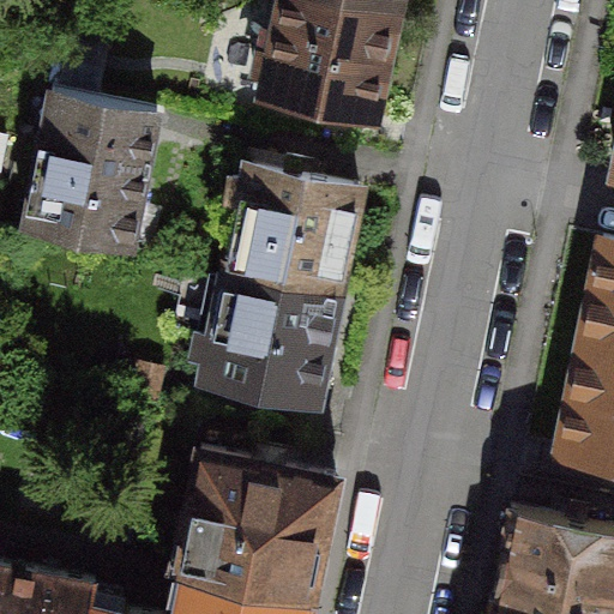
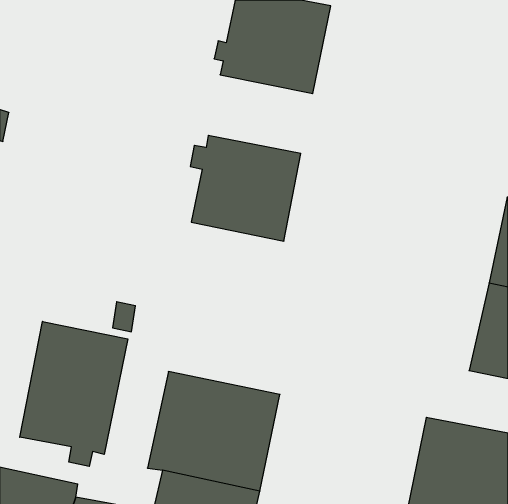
building: [28,90,159,252] -> none
building: [193,273,342,399] -> none
building: none -> [20,321,128,466]

